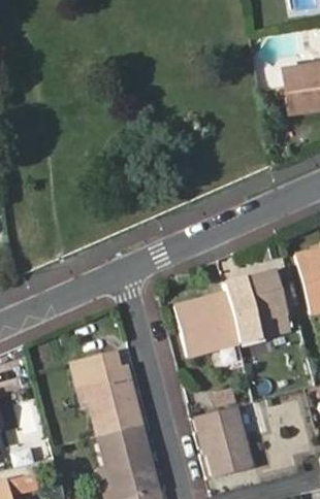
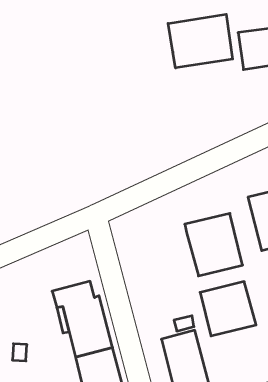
building: none -> [168,14,233,68]
building: [175,295,239,357] -> [200,282,256,336]

